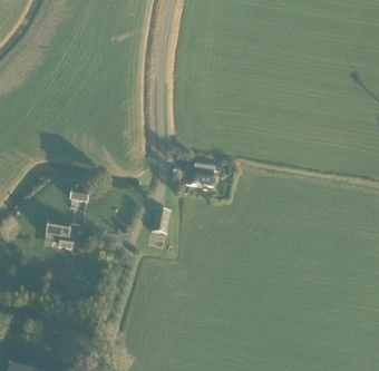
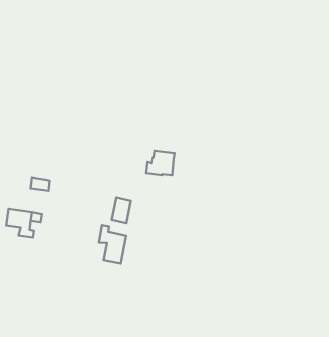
building: none -> [99,225,126,264]

